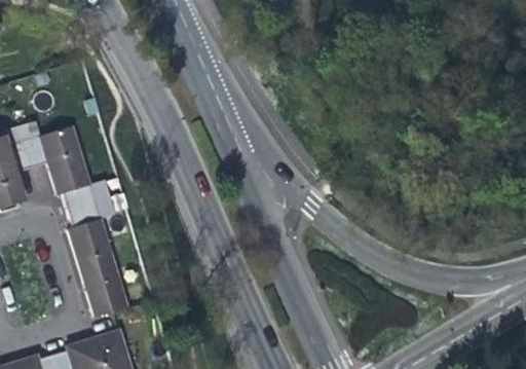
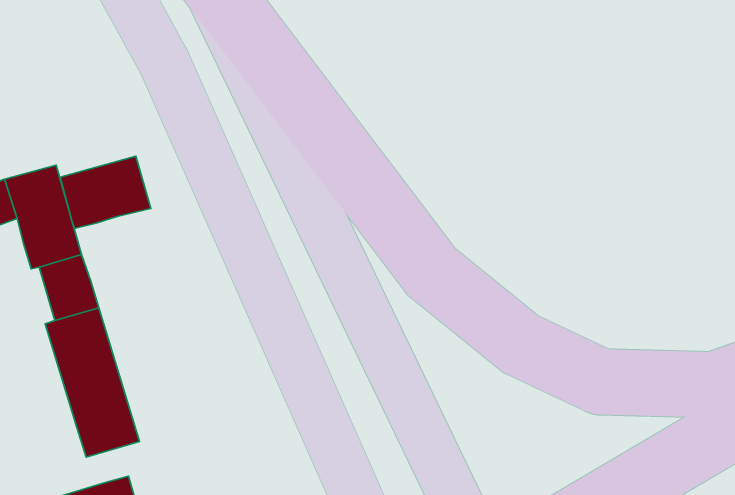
building: none -> [60,156,151,228]

